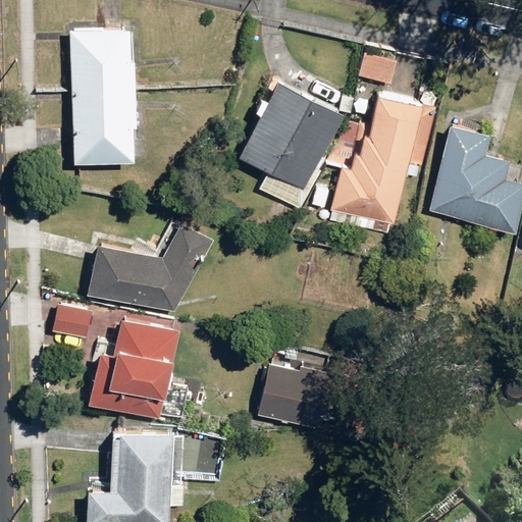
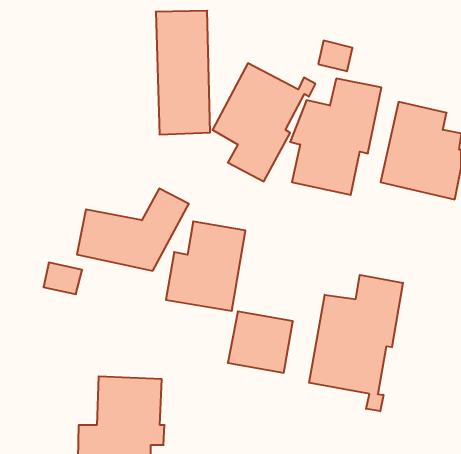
building: [71,27,133,166] -> [156,11,210,134]
building: [92,314,181,415] -> [166,221,245,311]
building: none -> [309,275,403,411]

